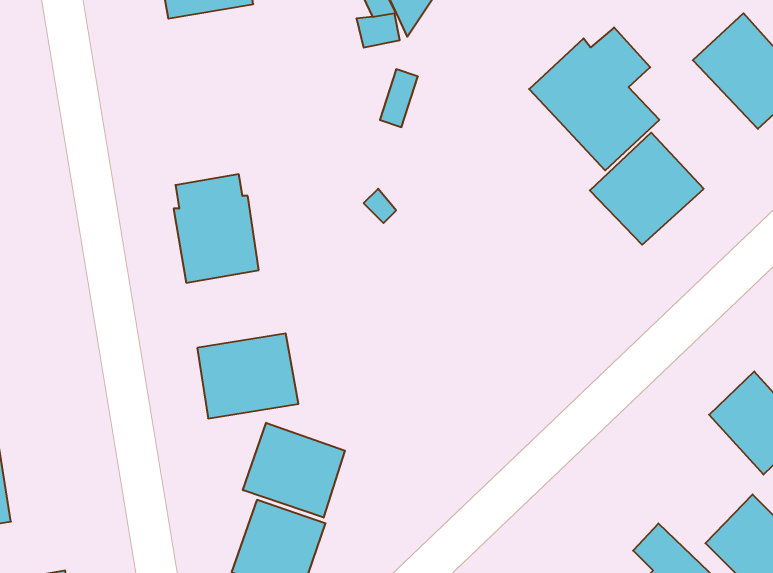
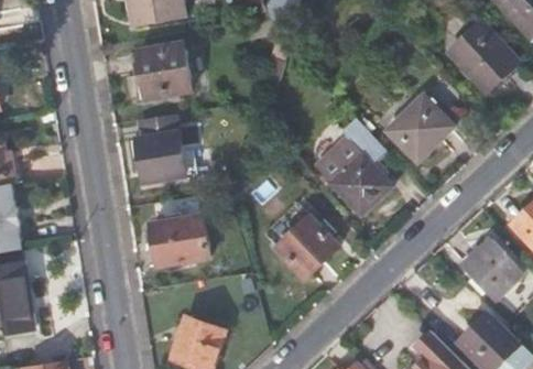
building: [529,27,659,170] -> [312,129,391,216]
building: none -> [138,46,192,99]
building: none -> [274,214,340,280]
building: [243,423,345,518] -> none

